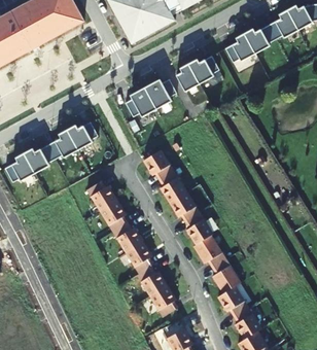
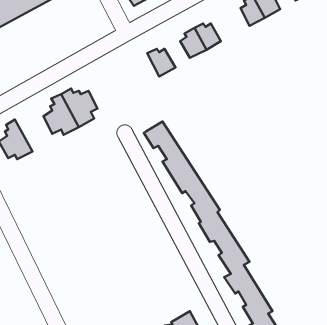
building: [132,86,155,116] -> none
building: [21,143,56,179] -> none
building: [85,179,177,316] -> none

